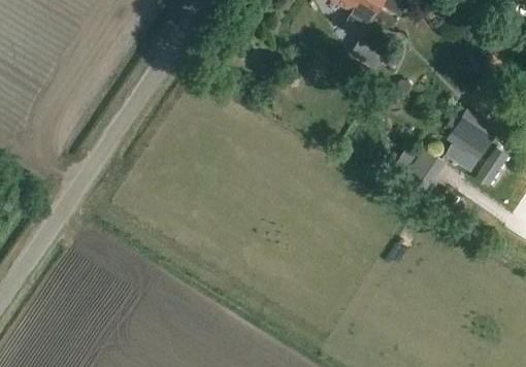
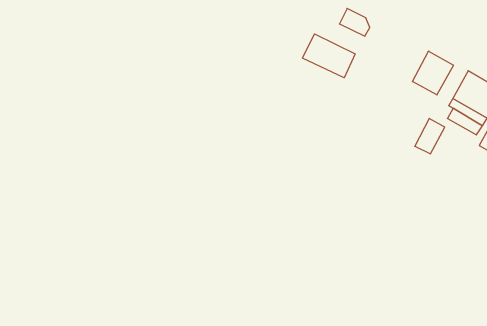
building: none -> [303,34,355,78]
building: none -> [412,51,453,95]

